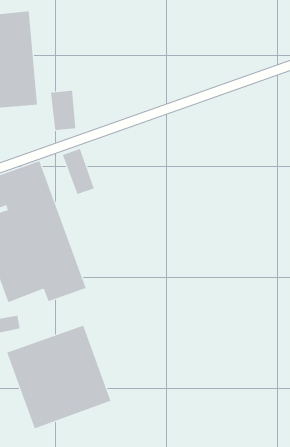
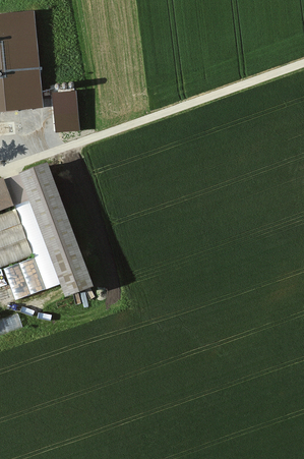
building: [62,148,94,195] -> none
building: [7,325,111,429] -> none

